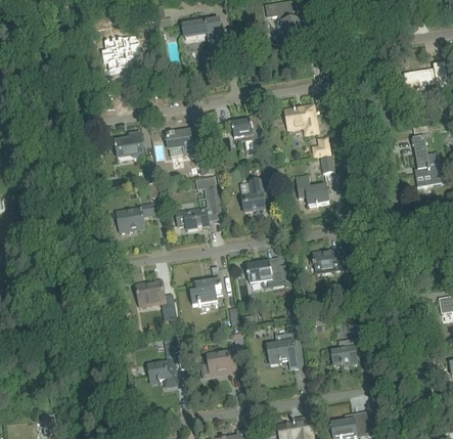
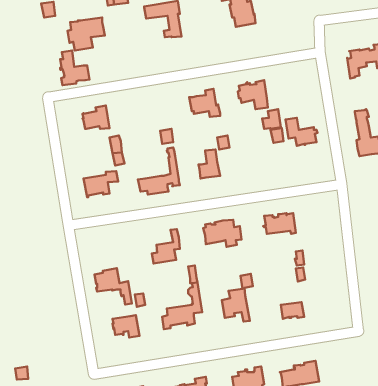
building: none -> [60,51,90,85]
building: [166,129,202,156] -> none
building: [296,174,330,205] -> [286,118,317,146]
building: [136,278,177,318] -> [94,268,132,305]

